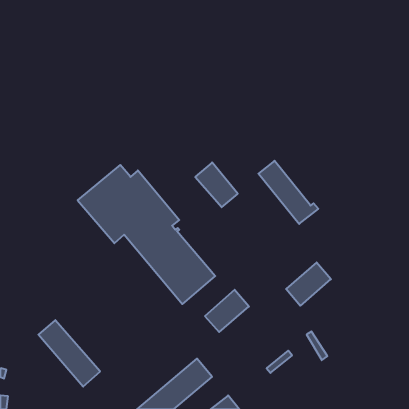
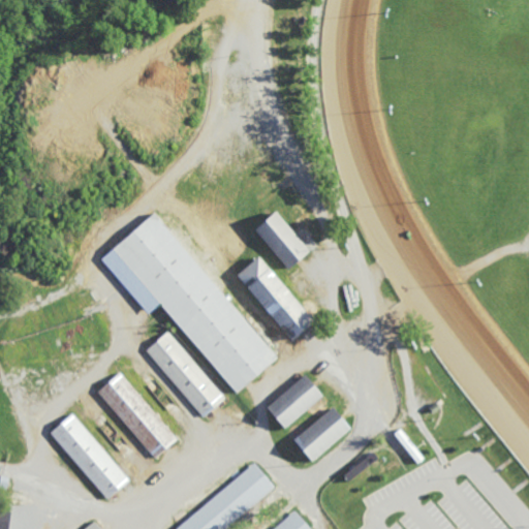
building: [258,161,318,224] -> [238,257,315,339]
building: none -> [146,332,225,416]
building: [286,262,331,306] -> [292,406,350,462]
building: none -> [98,372,177,458]

